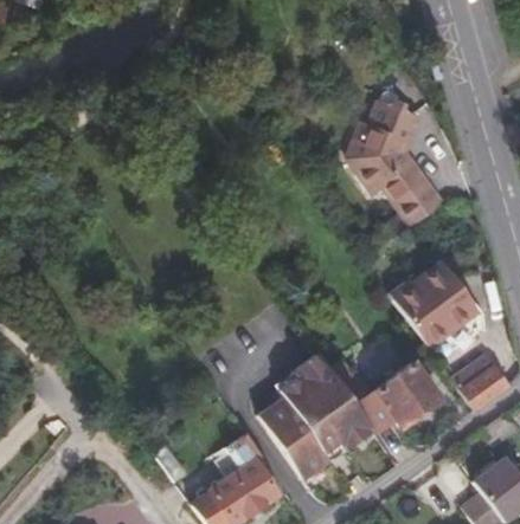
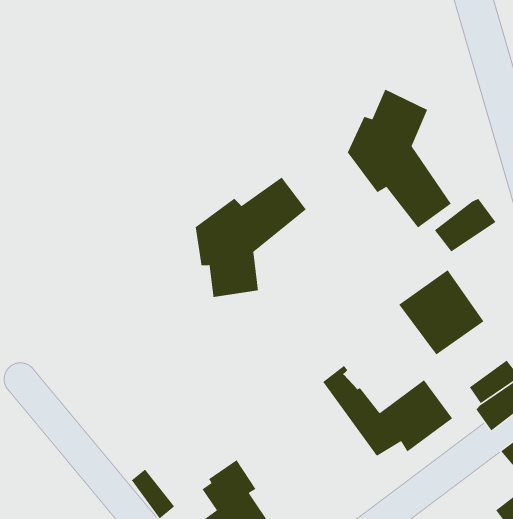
building: none -> [195,176,307,298]
building: none -> [434,198,497,253]
building: [255,355,371,480] -> none

